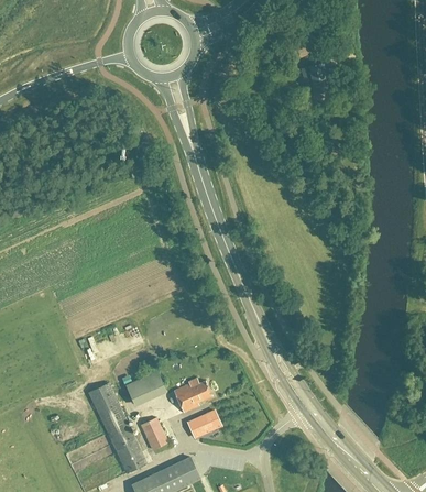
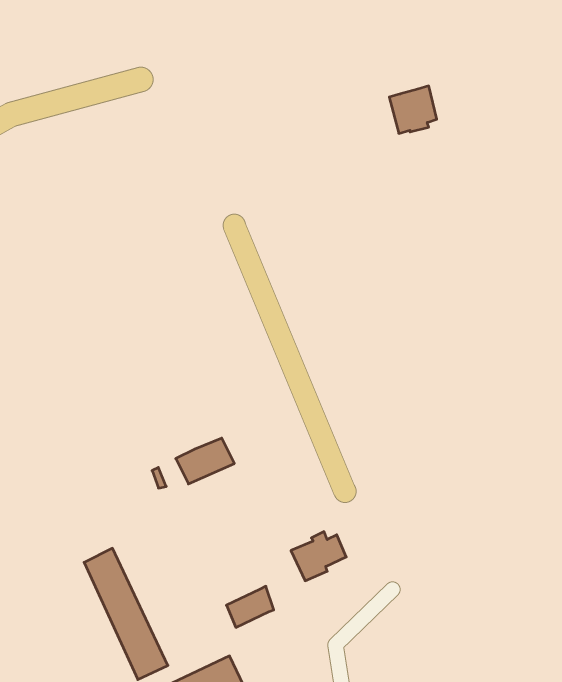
building: [124,372,165,404] -> [176,438,234,484]
building: [173,379,211,413] -> [291,532,346,581]
building: [140,418,167,451] -> none

